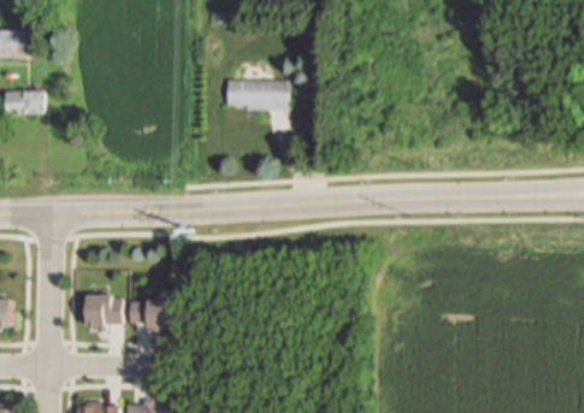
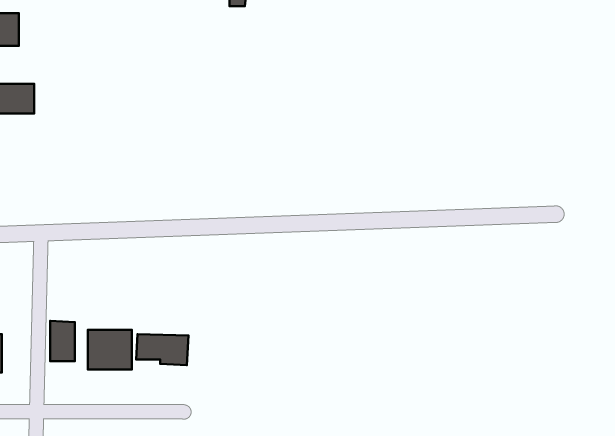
building: [224,79,290,110] -> none
building: none -> [50,321,75,361]

